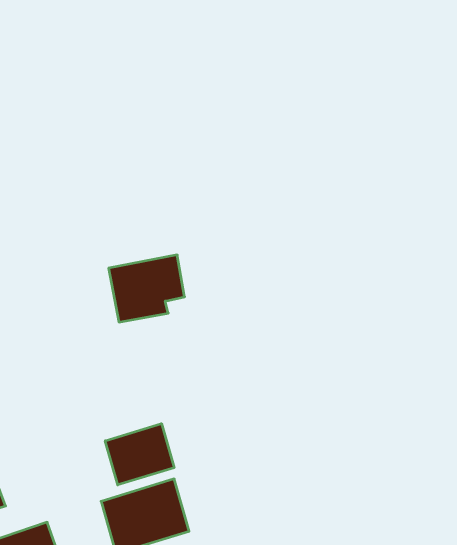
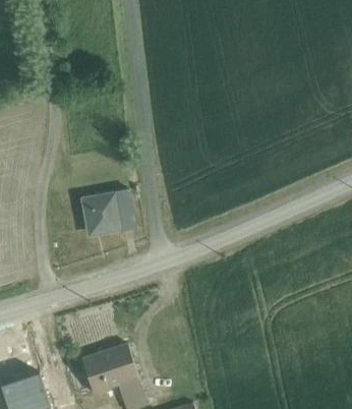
building: [105,424,174,485] -> none

